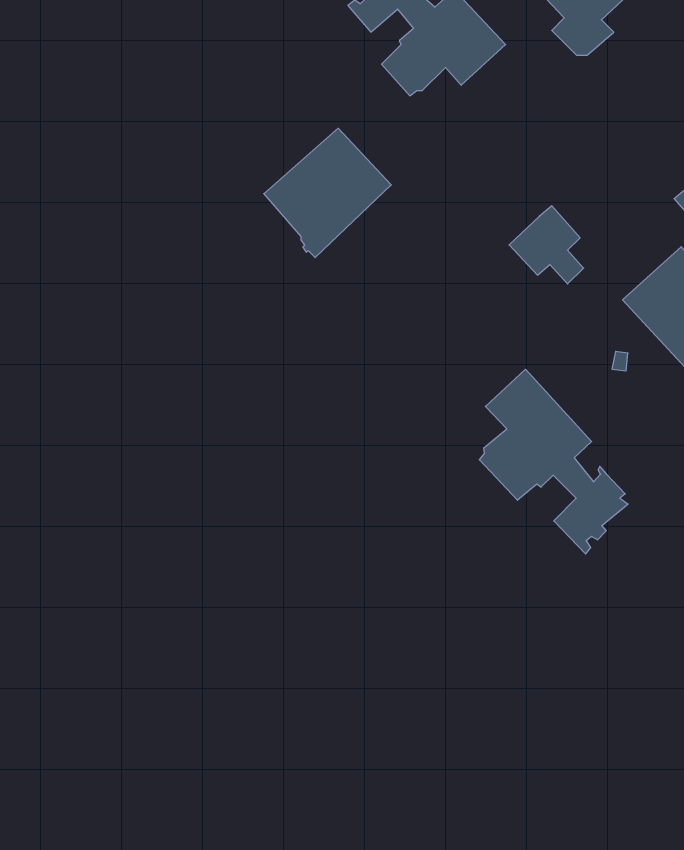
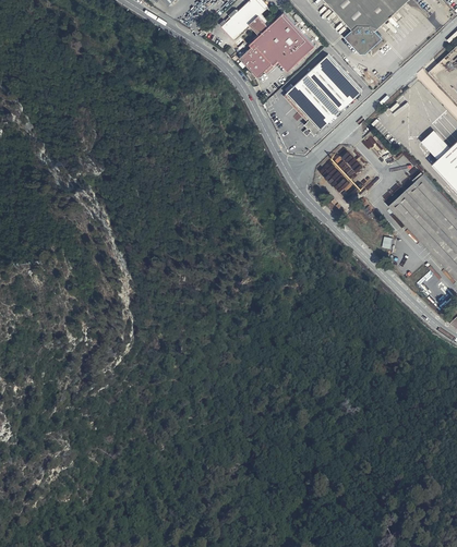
building: [264,128,391,258] -> [284,54,362,134]
building: [479,369,628,554] -> none

